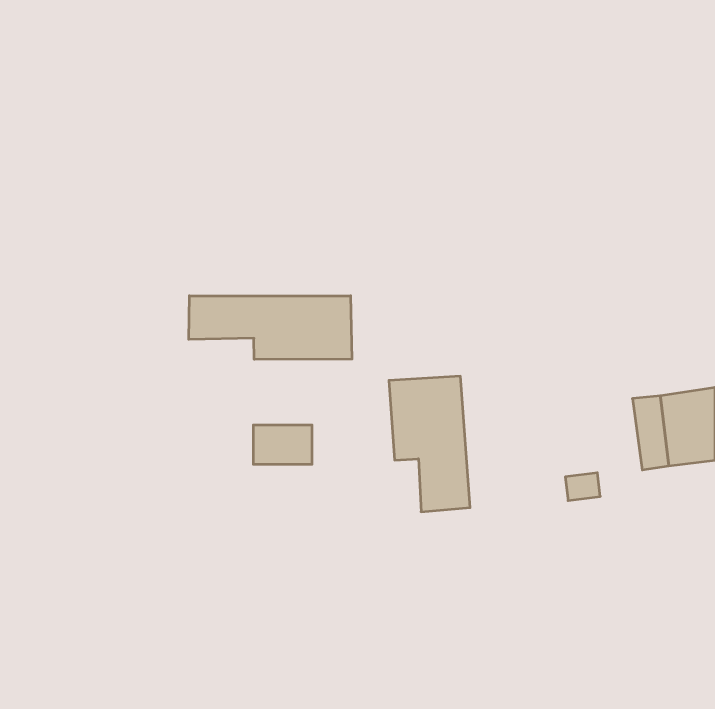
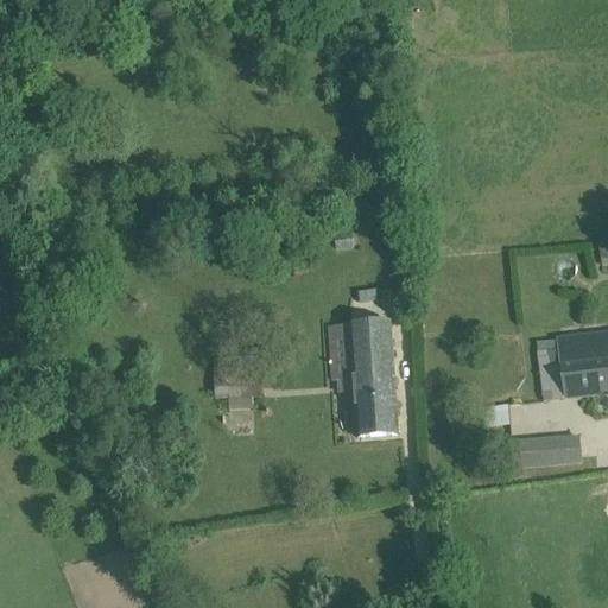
building: [189,296,352,359] -> none
building: none -> [512,433,582,467]

